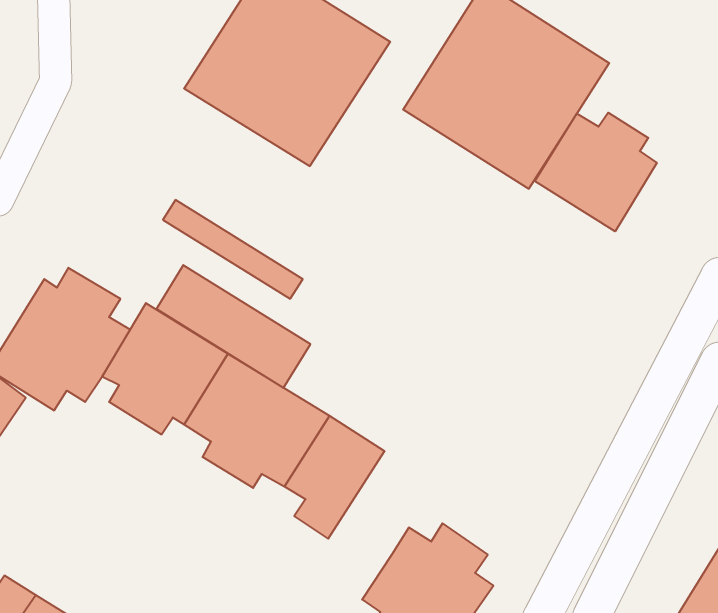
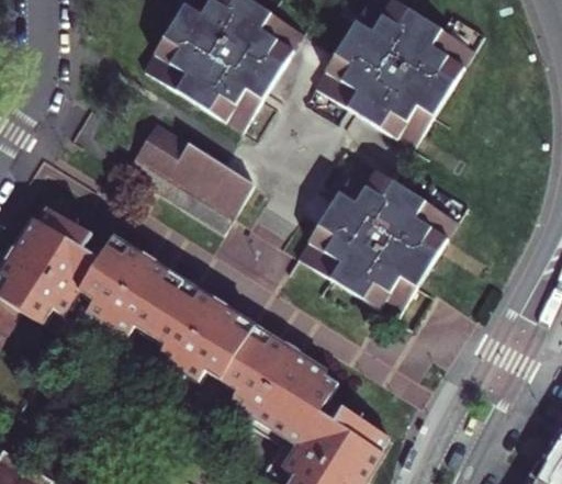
building: [535,113,657,231] -> none
building: none -> [299,160,458,318]
building: [156,265,310,388] -> [137,123,257,218]
building: none -> [256,352,330,439]

